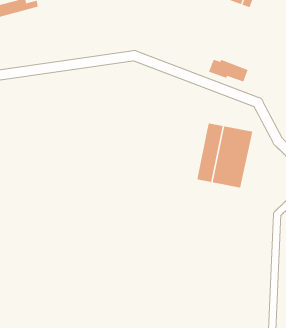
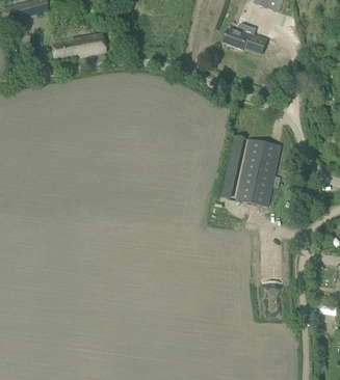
building: none -> [51,32,105,60]
building: [208,59,249,82] -> [223,28,266,53]

